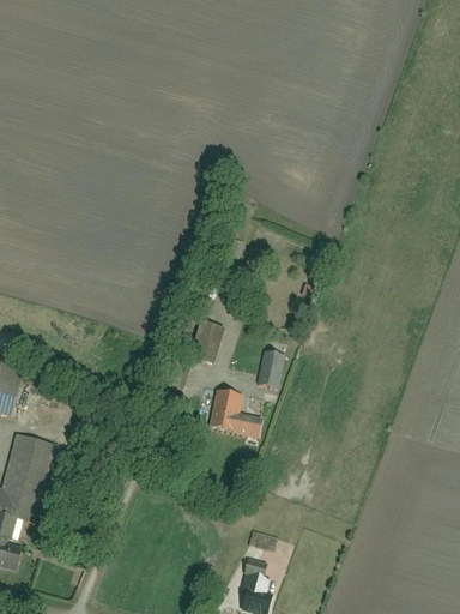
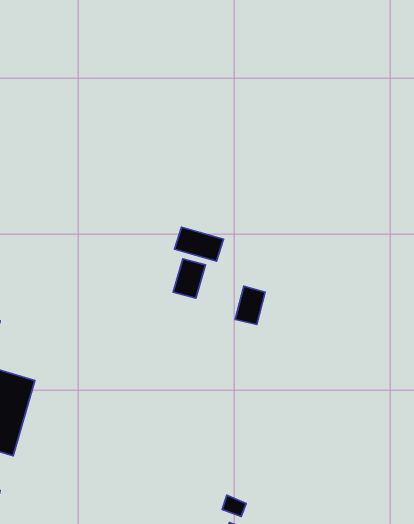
building: none -> [175,227,223,261]
building: [210,389,264,438] -> none

